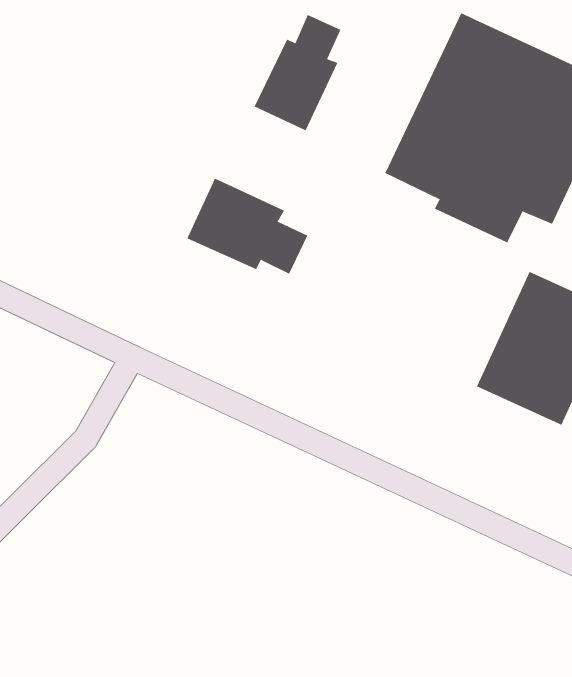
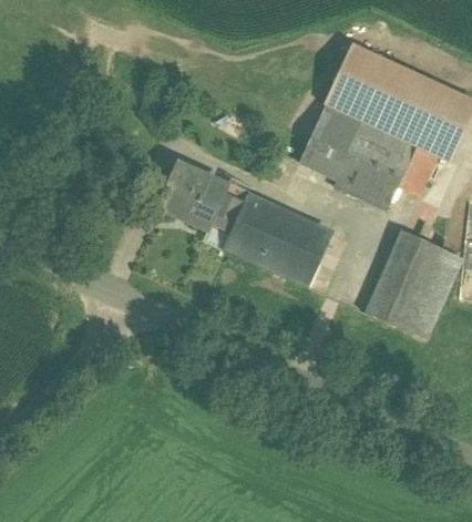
building: [254,14,341,131] -> none
building: none -> [224,195,332,286]

